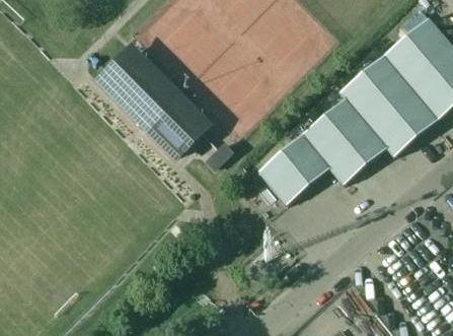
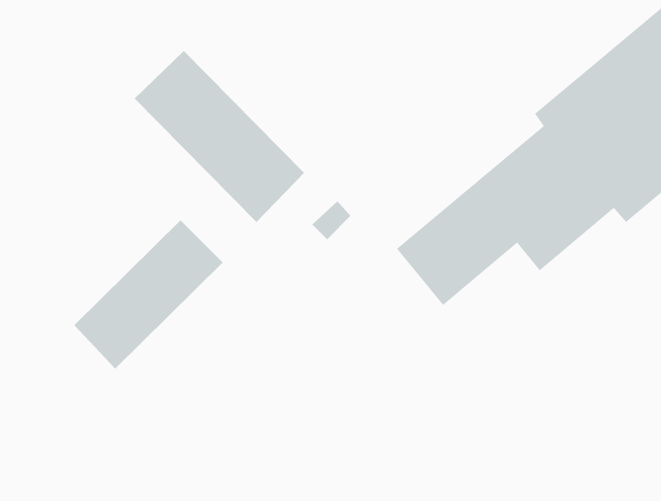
building: none -> [74,220,224,369]

